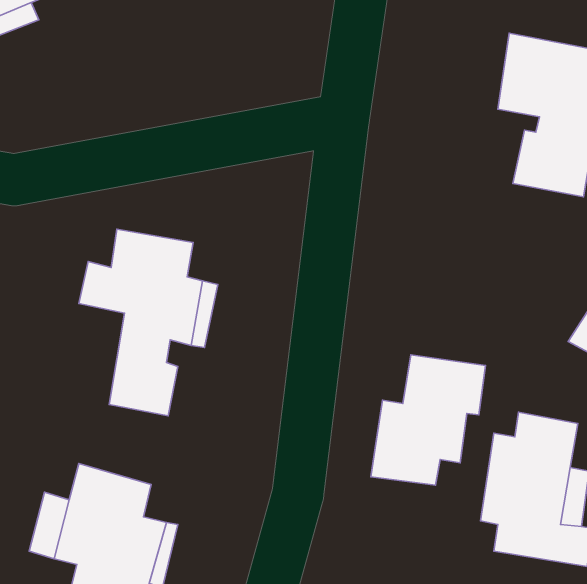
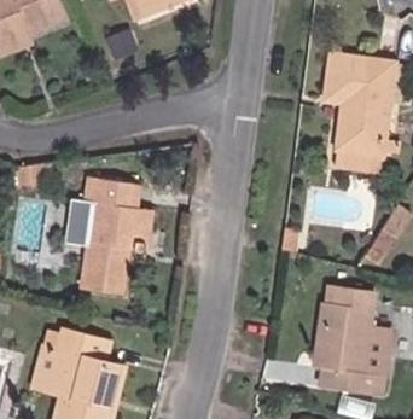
building: [371,355,485,485] -> none

